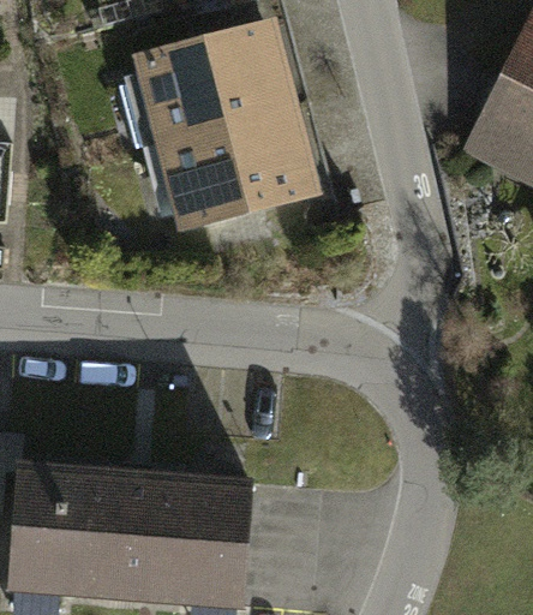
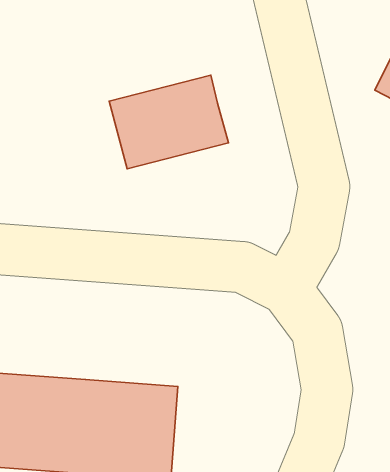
building: [122,30,289,150] -> none

